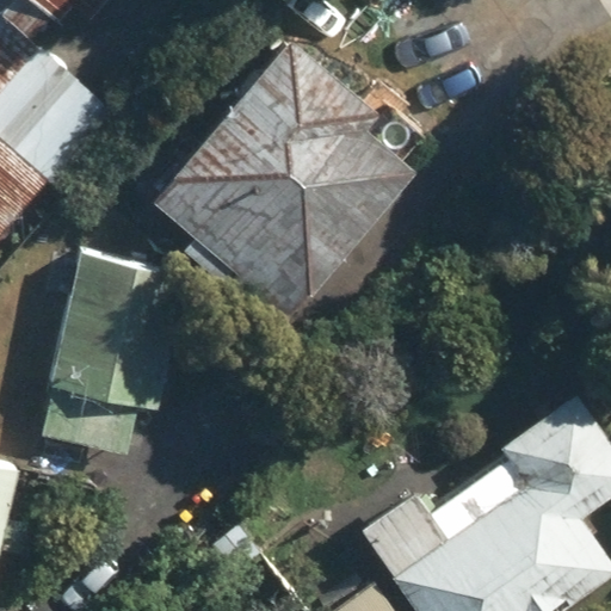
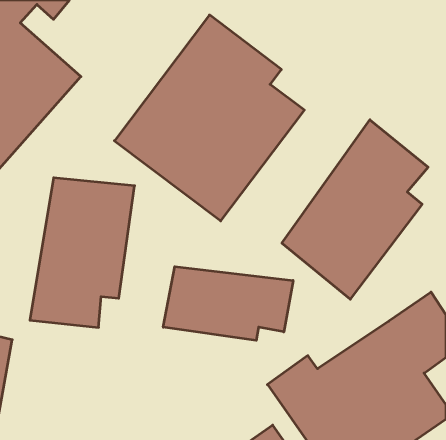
building: none -> [282,120,428,299]
building: none -> [163,267,293,340]

